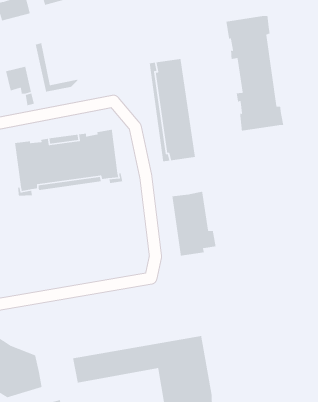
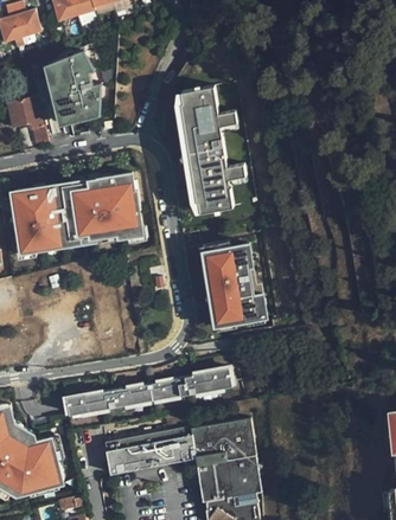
building: [226,15,284,132] -> none
building: none -> [52,58,98,117]
building: none -> [202,243,229,326]
building: none -> [59,371,221,419]

